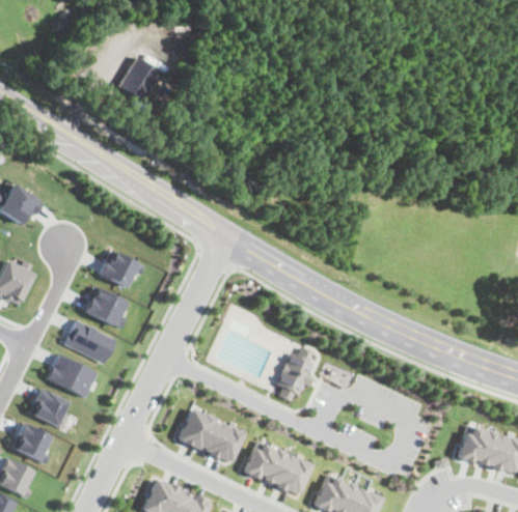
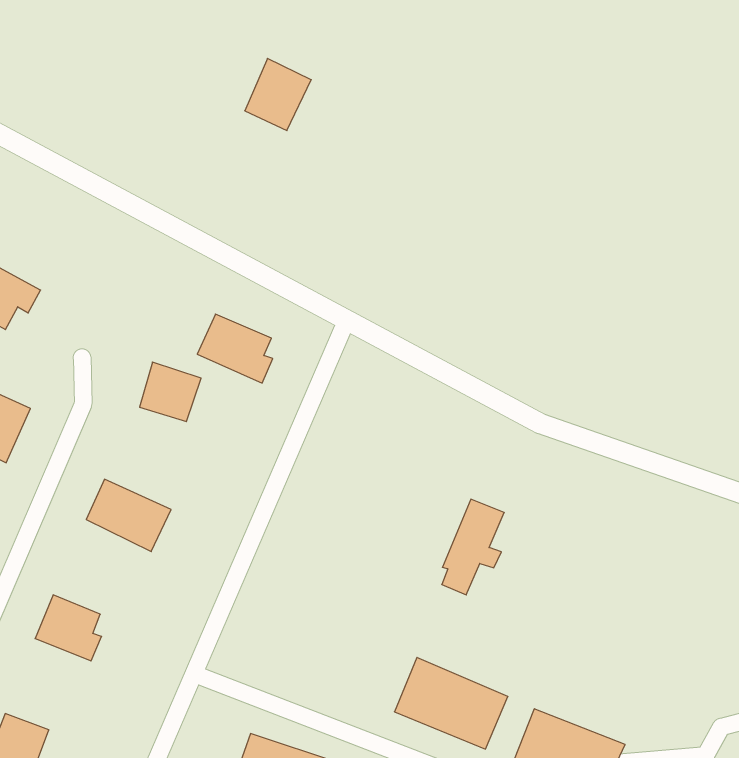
building: [117,58,159,103] -> [245,58,311,131]
building: [82,286,128,330] -> [197,314,273,383]
building: [46,354,97,397] -> none
building: [178,407,246,464] -> none
building: [11,423,51,463] -> none

